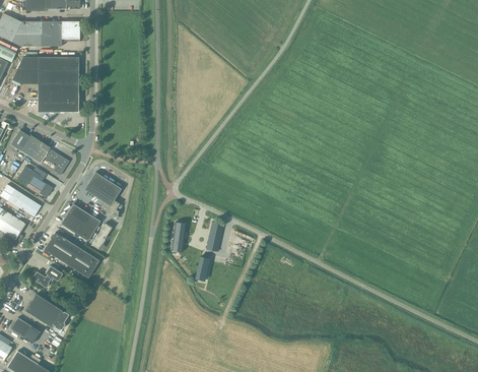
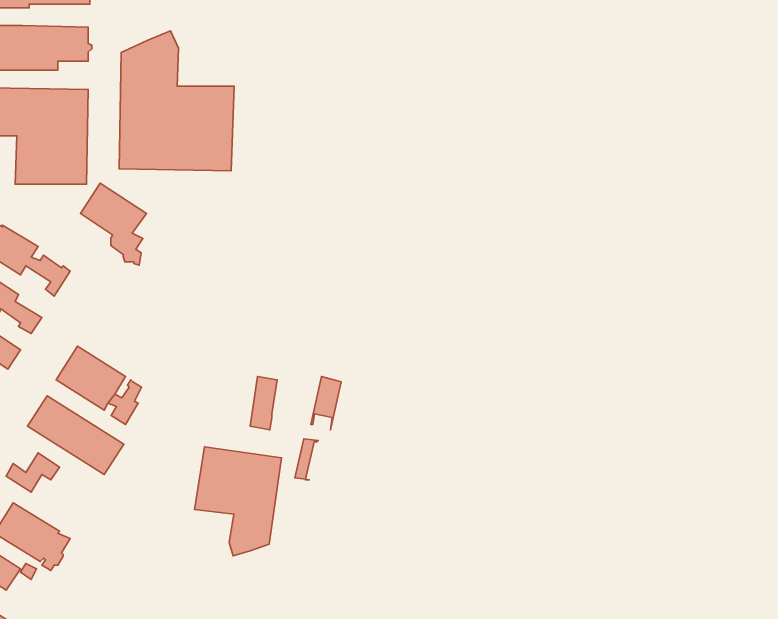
building: none -> [119,31,234,171]
building: [83,171,121,218] -> [80,183,146,265]
building: none -> [194,447,282,556]

